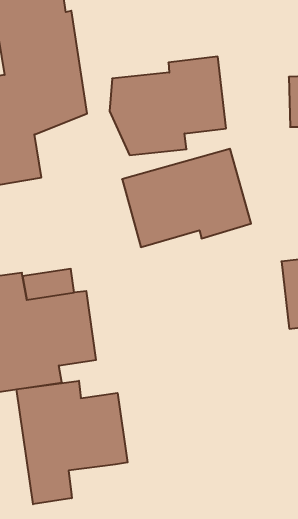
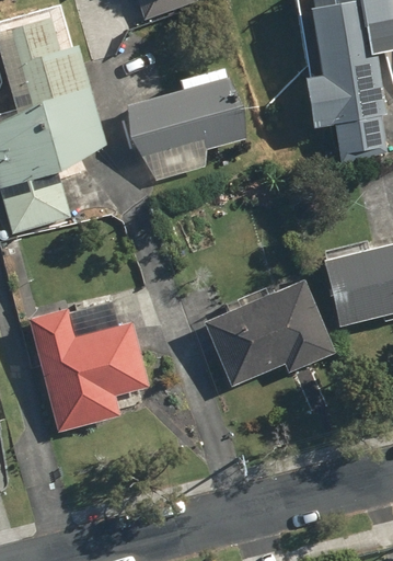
building: [122,149,251,247] -> [203,278,337,389]
building: [17,381,128,504] -> none

